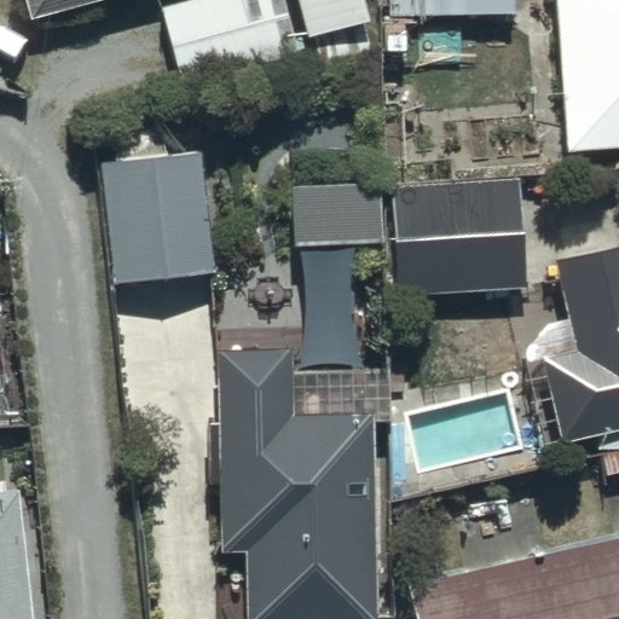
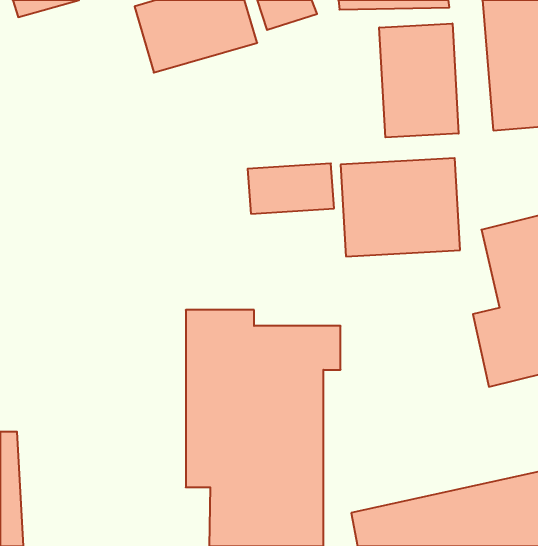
building: none -> [379,23,459,137]
building: [103,150,219,282] -> none

